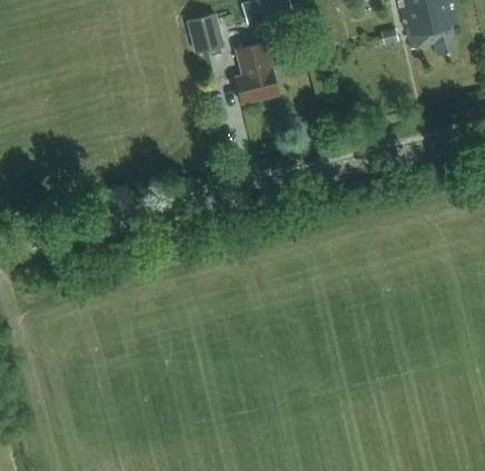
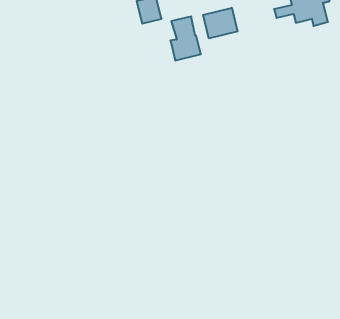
building: none -> [203,8,238,38]

